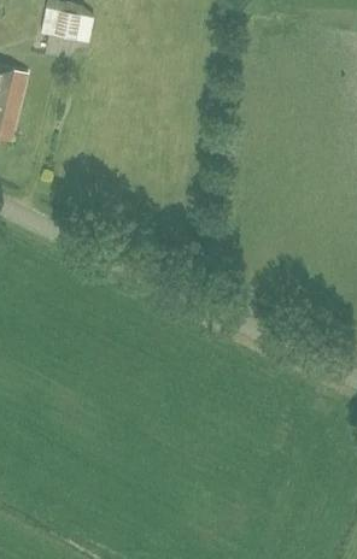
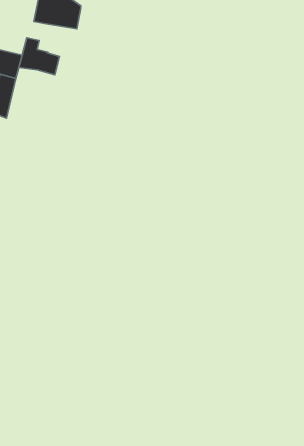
building: none -> [19,38,59,75]

